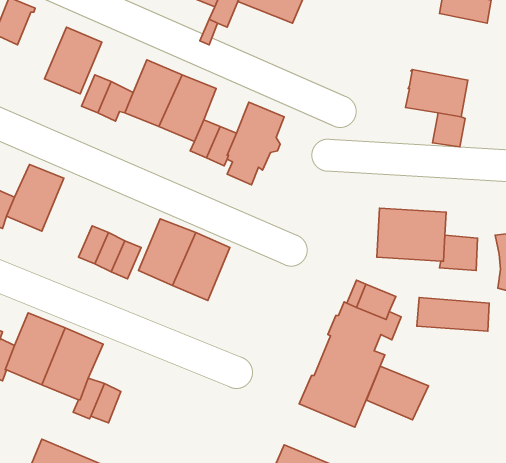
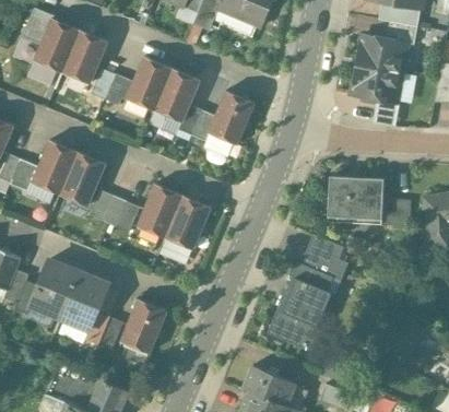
building: none -> [33,17,79,71]
building: none -> [356,34,406,72]
building: none -> [59,151,105,205]
building: [417,297,489,331] -> none
building: none -> [120,298,166,353]
building: [366,366,428,420] -> none

